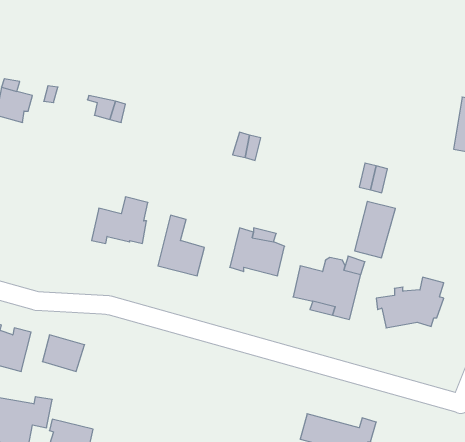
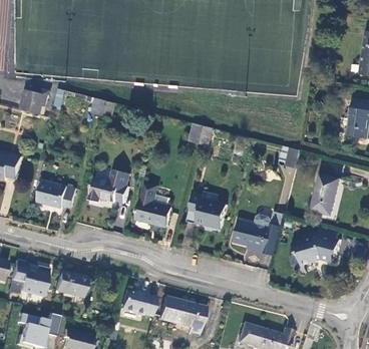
building: [355,201,395,258] -> [312,174,341,215]
building: none -> [40,182,78,209]
building: none -> [119,287,155,315]
building: none -> [157,295,204,332]

